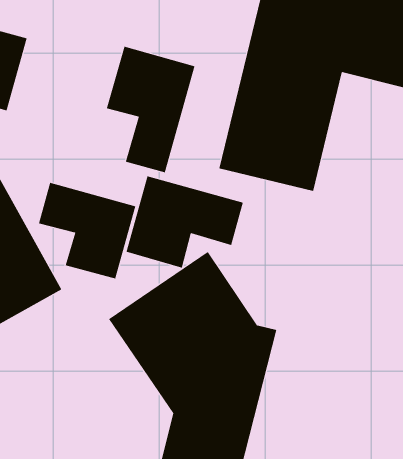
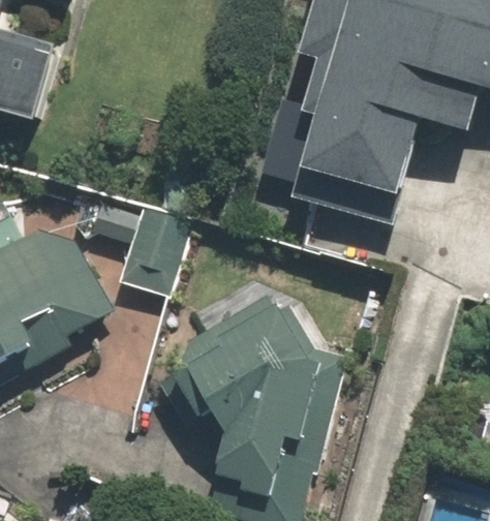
building: [106,46,195,173] -> none
building: [126,176,244,269] -> none

